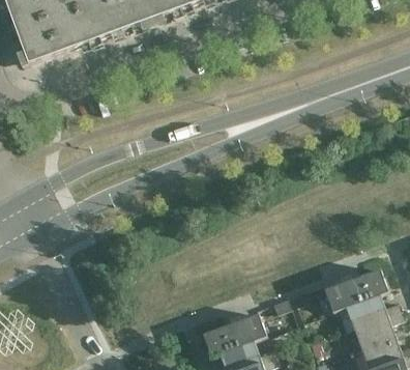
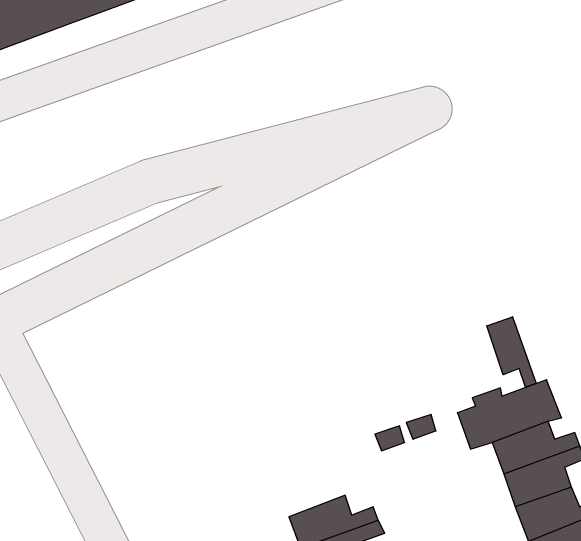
building: none -> [487,317,536,387]
building: [202,311,266,355] -> none

